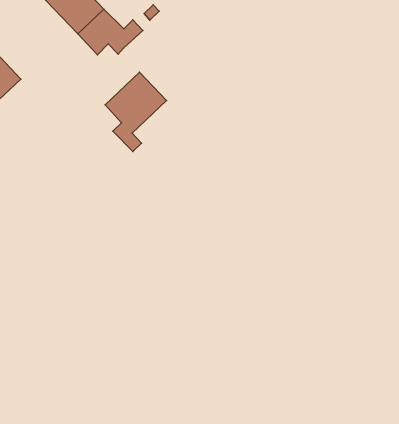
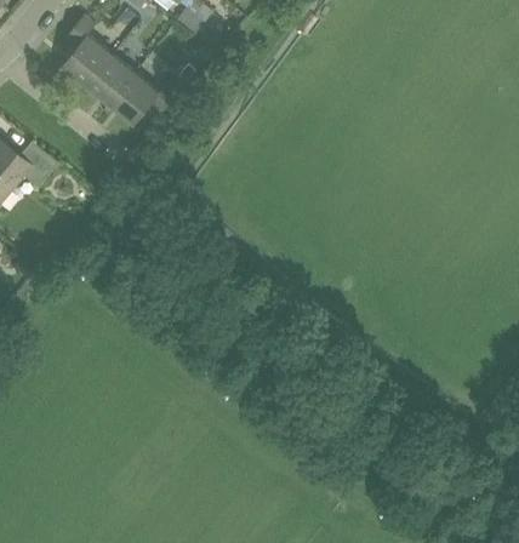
building: [105,72,167,152] -> none

